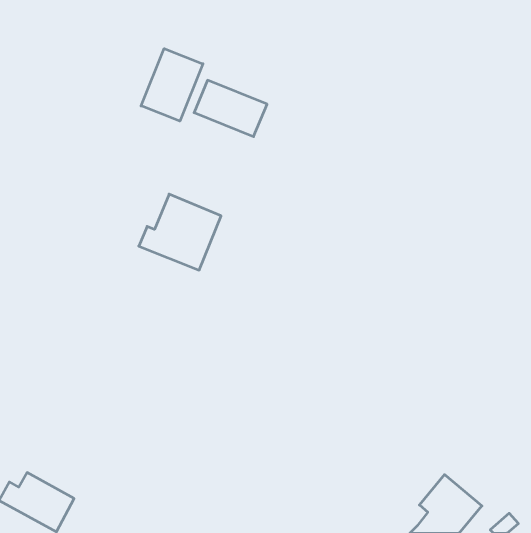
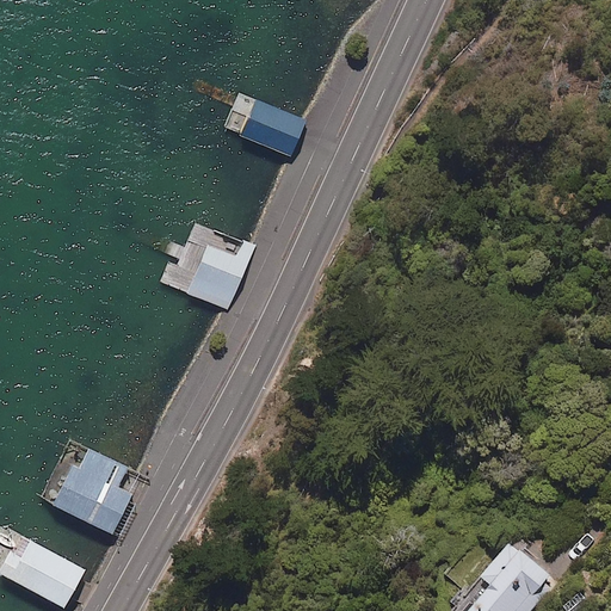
building: [141,49,203,121] -> none
building: none -> [50,450,132,535]

